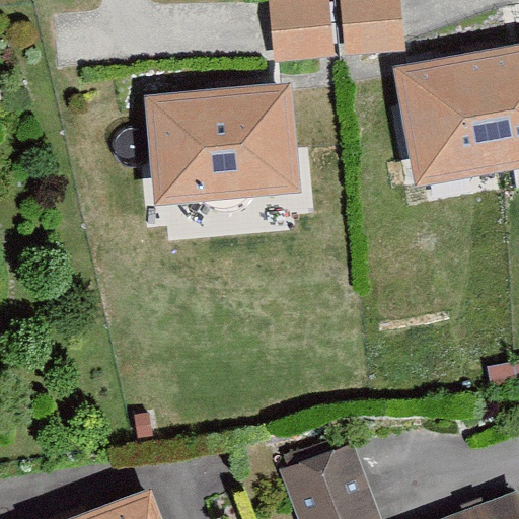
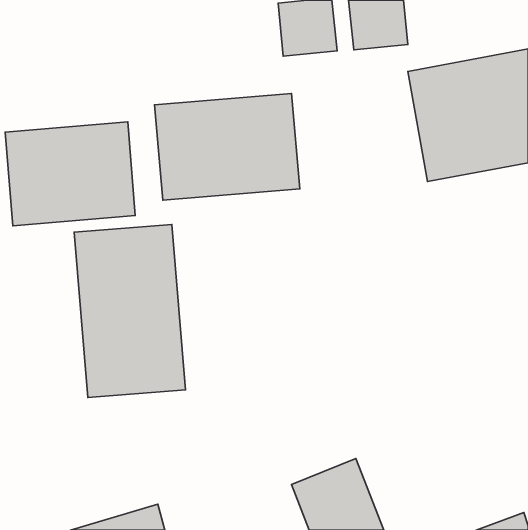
building: none -> [5,122,135,226]
building: none -> [74,224,185,397]

